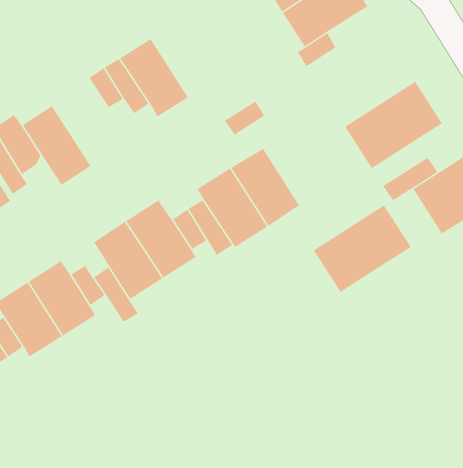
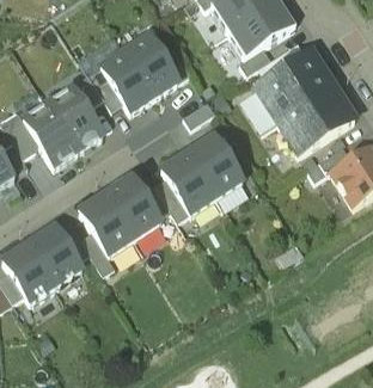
building: none -> [126,33,179,96]
building: none -> [48,85,104,149]
building: [313,205,412,293] -> [256,49,334,118]

